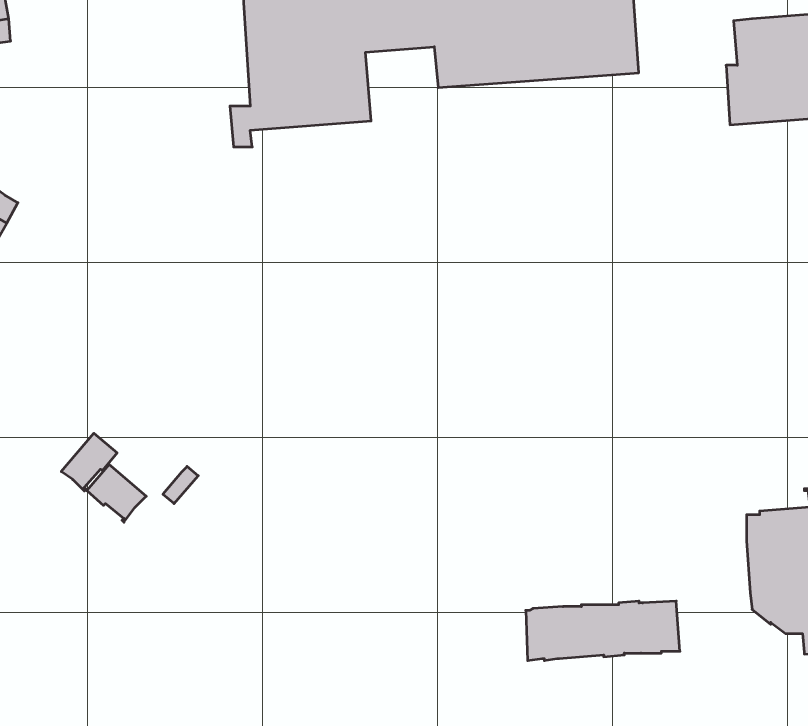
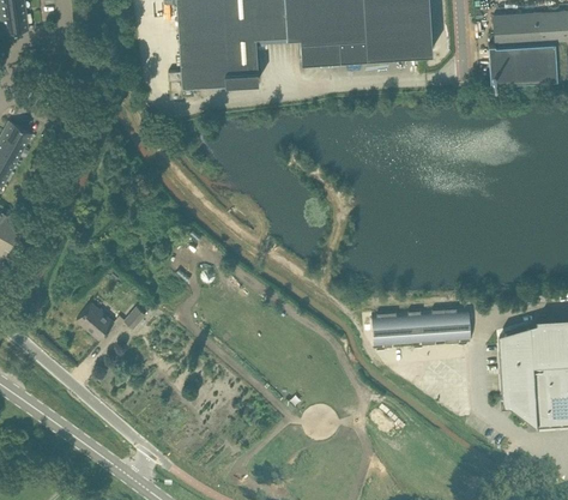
building: [61,433,117,491] -> none
building: [526,601,680,661] -> [371,308,471,347]

